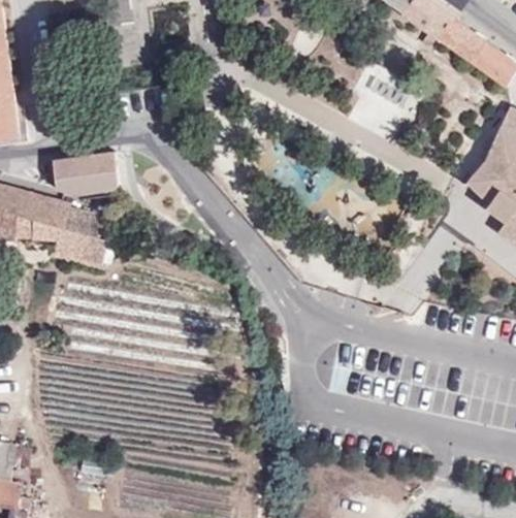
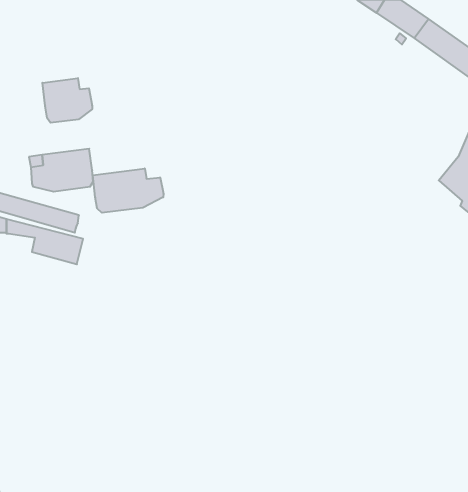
building: none -> [42,78,92,123]
building: none -> [93,168,163,213]

